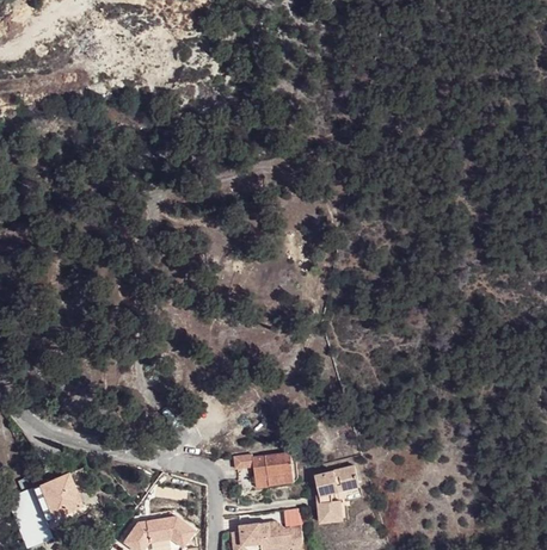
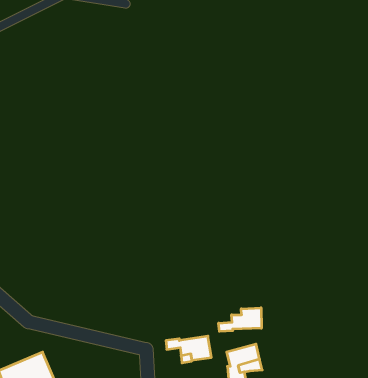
building: none -> [219,308,261,331]

